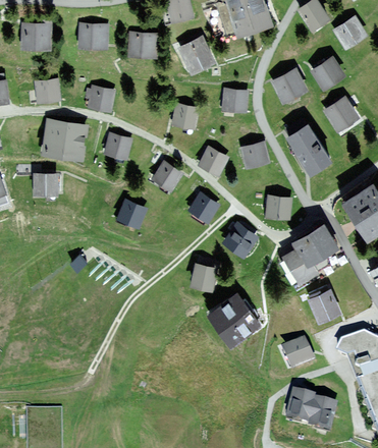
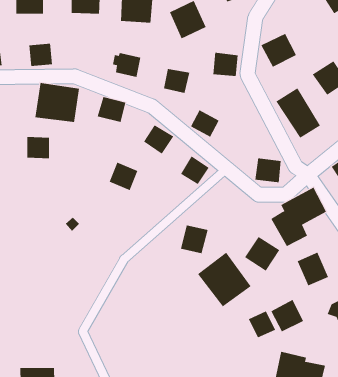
building: [311,57,345,91] -> none
building: [86,85,115,110] -> [112,52,141,78]
building: [241,143,269,168] -> none
building: [222,223,259,259] -> [244,236,280,271]
building: none -> [248,311,276,338]

